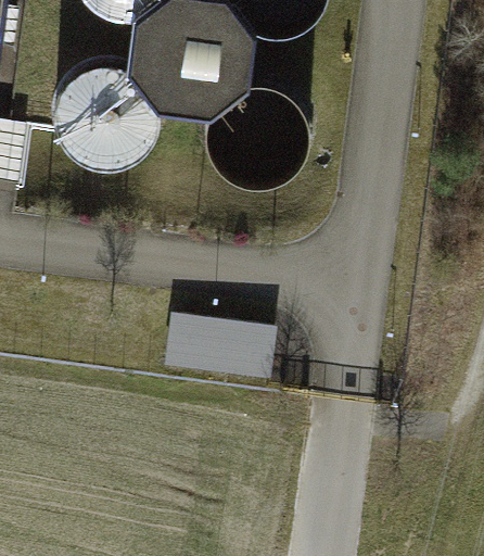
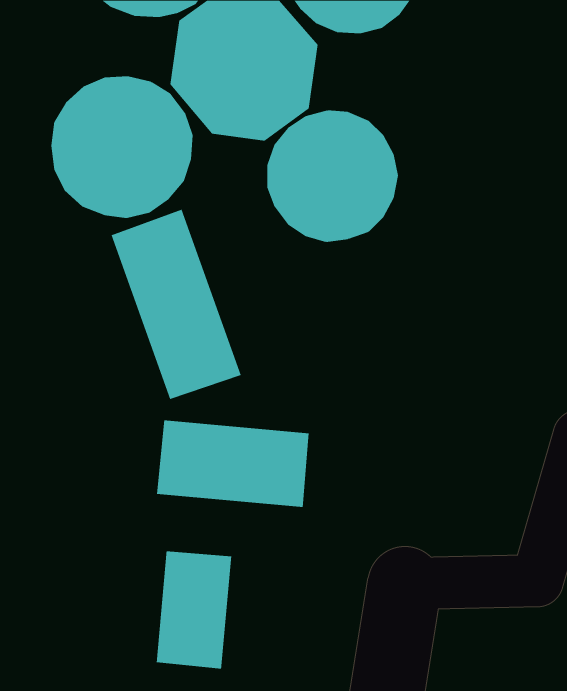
building: none -> [111,209,242,400]
building: none -> [156,550,232,669]

